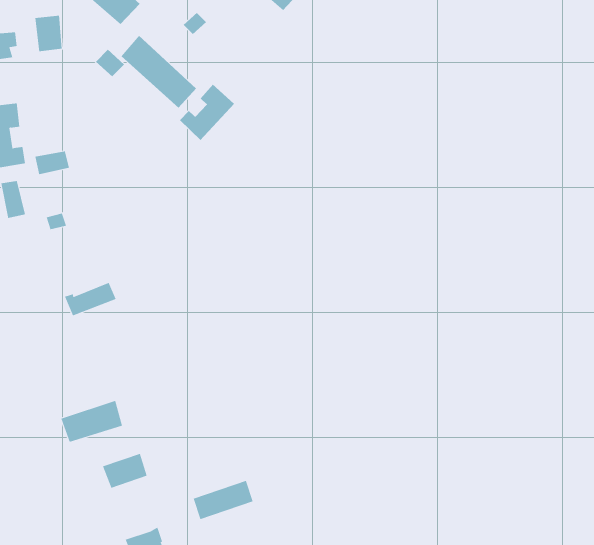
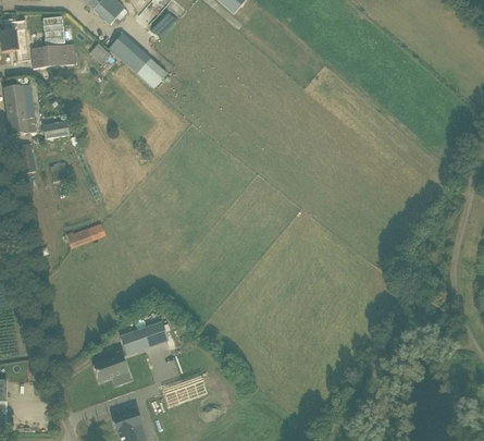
building: none -> [30,44,75,68]
building: [179,84,235,141] -> none
building: [61,400,123,443] -> [120,320,167,353]

